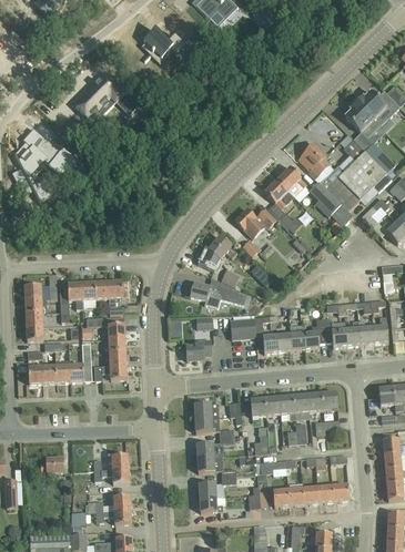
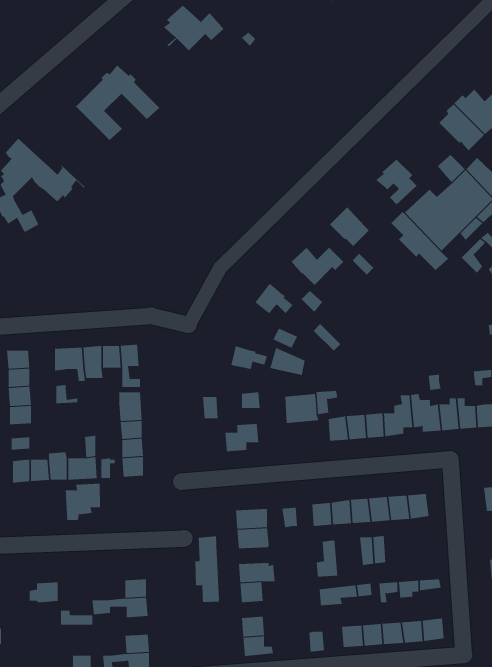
building: [276,166,308,201] -> none
building: none -> [65,483,101,521]
building: none -> [195,535,220,603]

